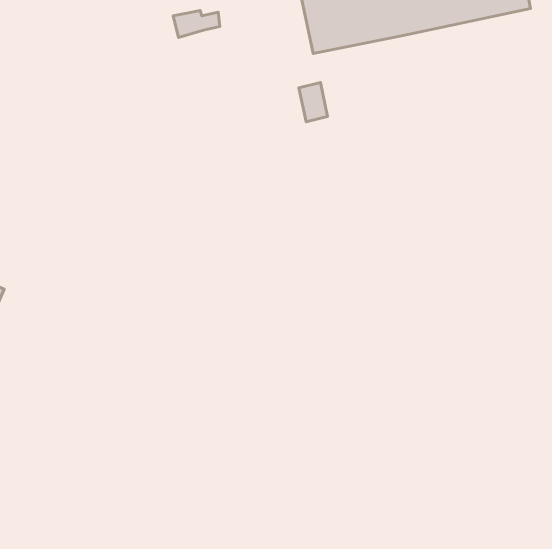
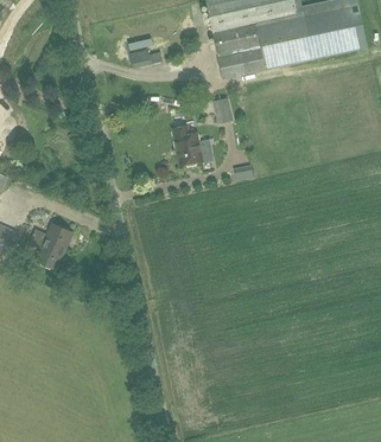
building: none -> [172,126,202,165]
building: none -> [28,223,72,269]

